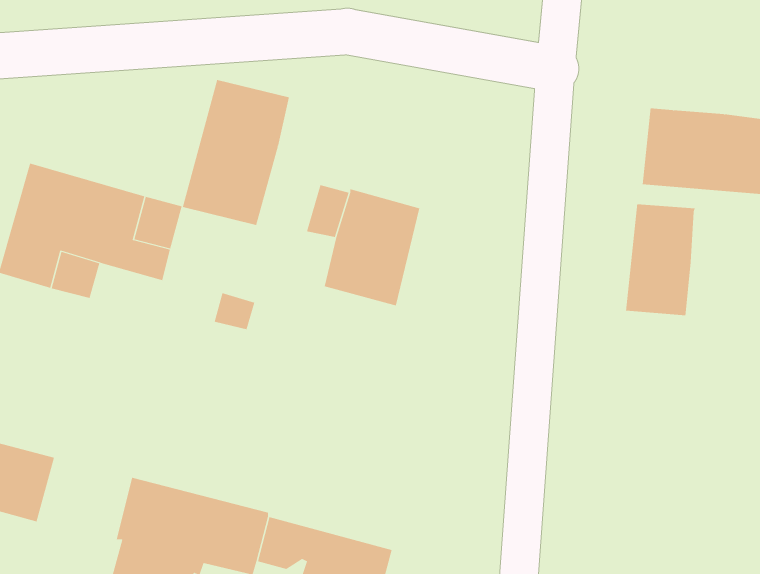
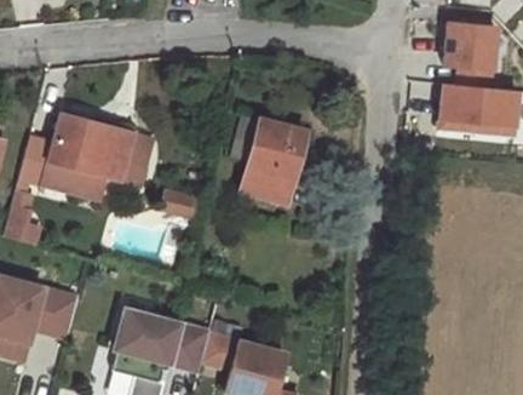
building: none -> [444,22,496,85]
building: [182,79,289,226] -> none
building: [626,203,695,316] -> none

